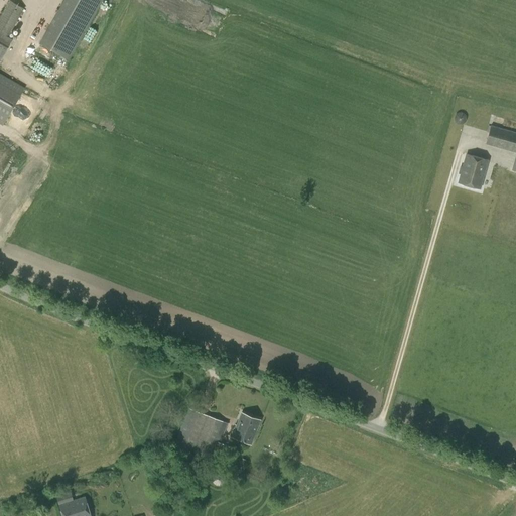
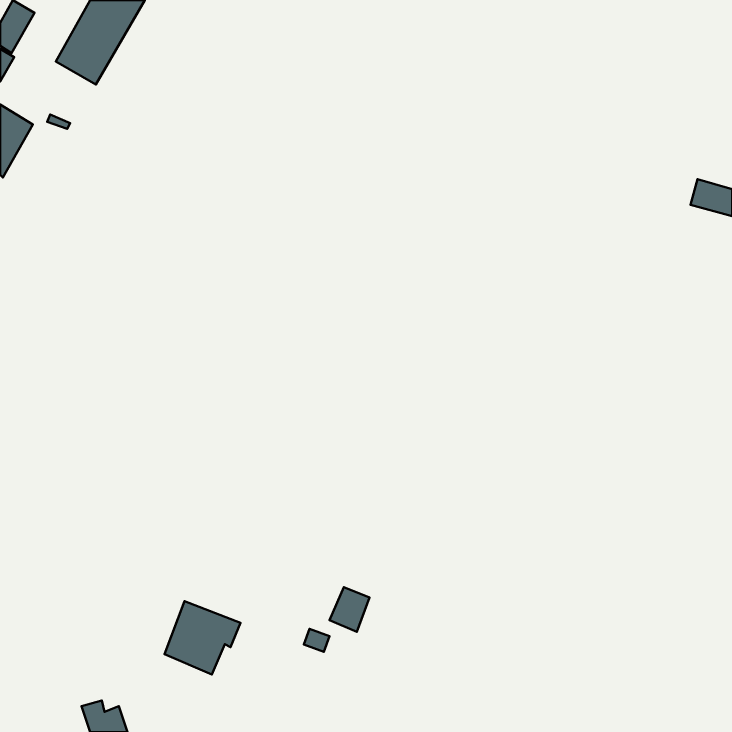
building: [459,155,488,188] -> none
building: [174,408,228,460] -> [165,601,240,674]

